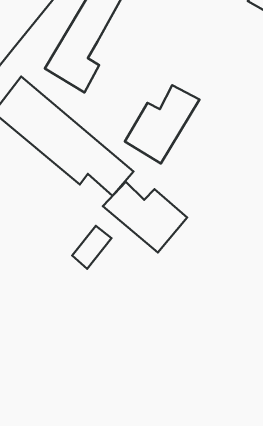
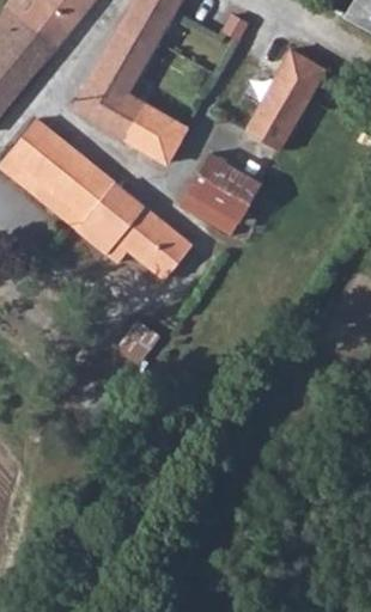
building: none -> [244,49,326,148]
building: none -> [124,102,188,164]
building: [103,182,187,252] -> none

